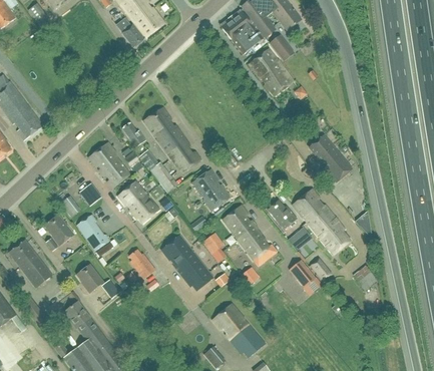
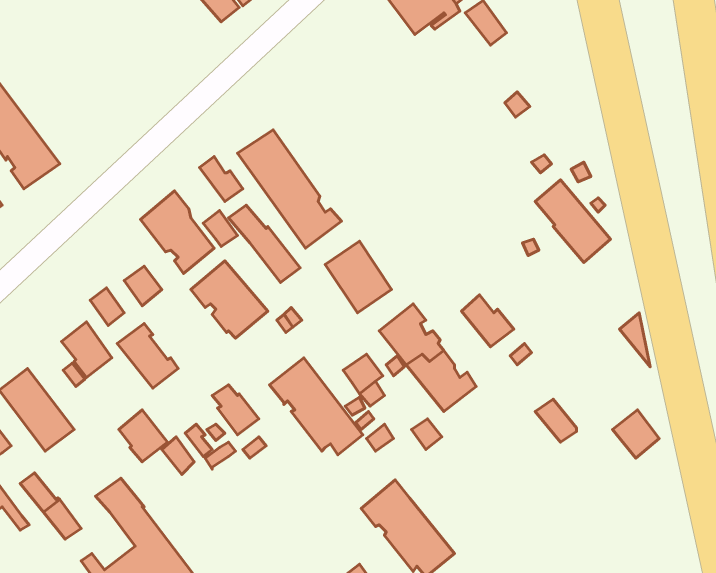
building: [249,48,295,95] -> none
building: [293,188,352,255] -> none
building: [289,260,316,288] -> none

